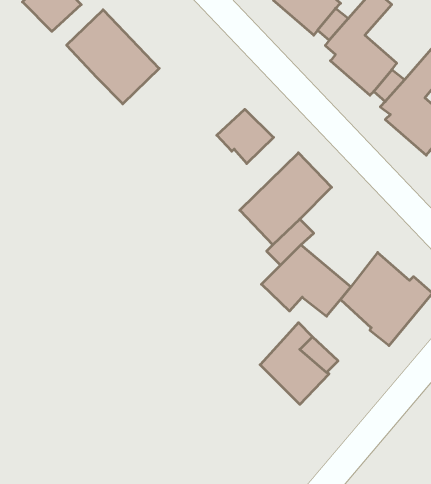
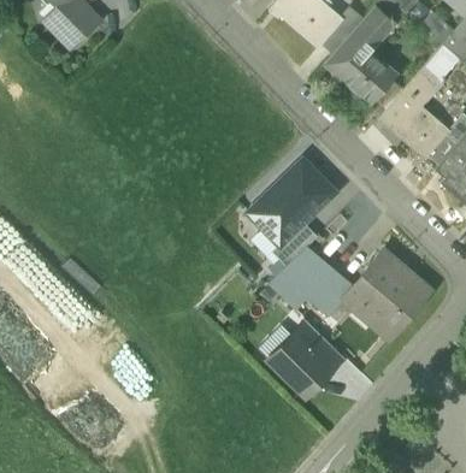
building: [67,10,159,104] -> none
building: [217,109,274,164] -> none

